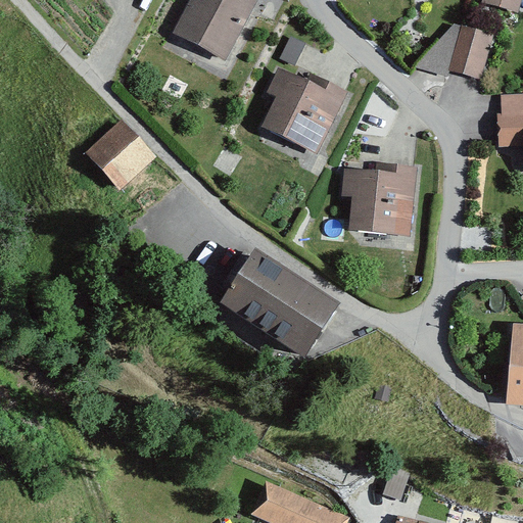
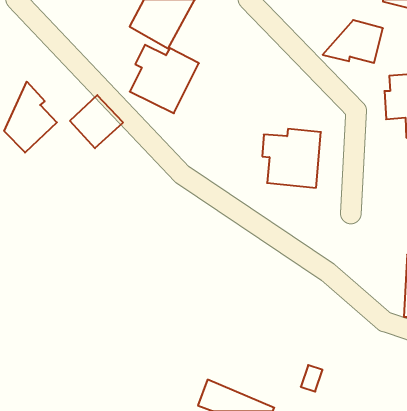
building: [257,69,345,156] -> [130,45,199,113]
building: none -> [4,82,57,153]
building: [227,249,342,358] -> none

